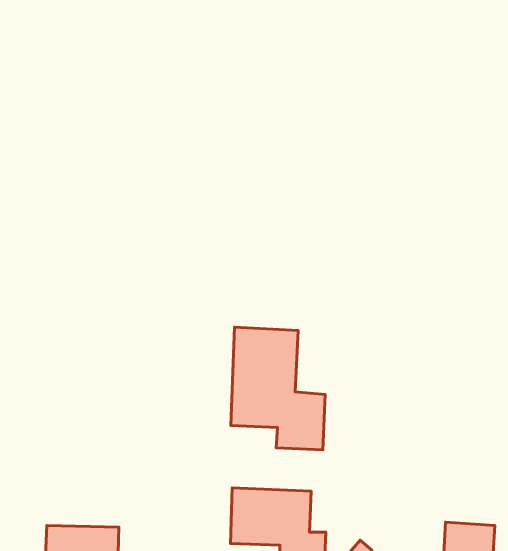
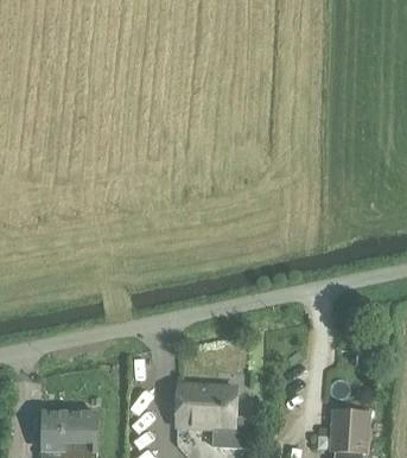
building: [231,327,325,450] -> none

